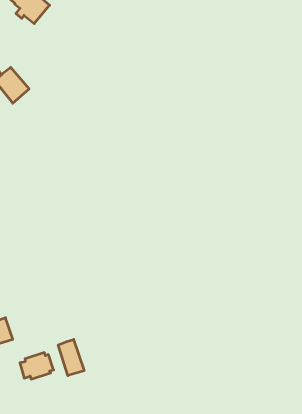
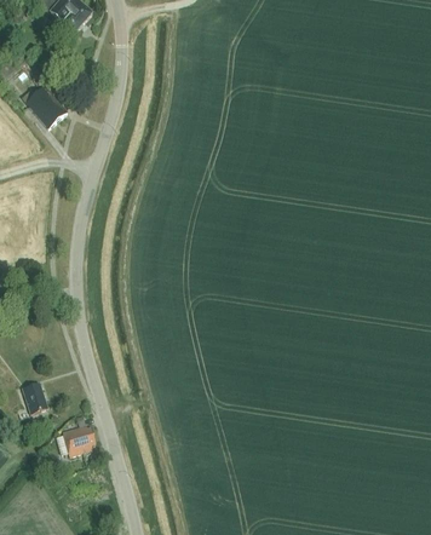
building: [58,339,84,376] -> none

